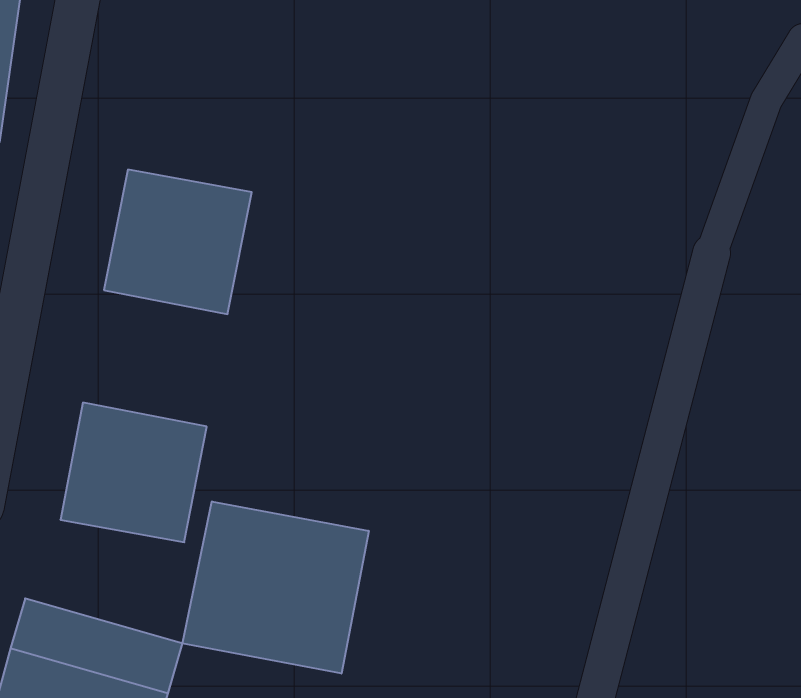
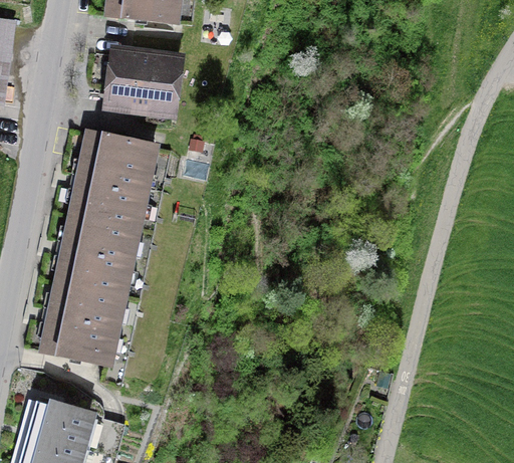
building: none -> [103,45,188,118]
building: none -> [53,204,144,289]
building: [183,501,369,674] -> none

